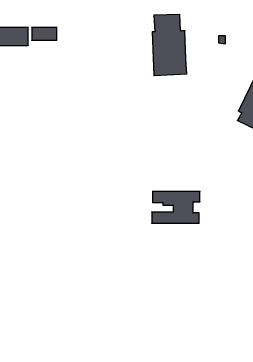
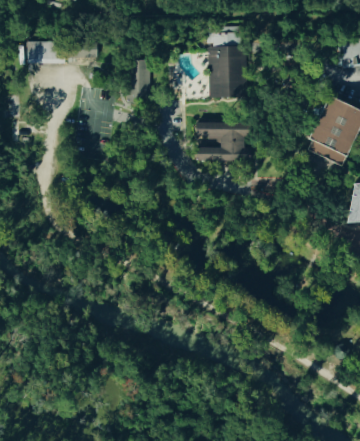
building: none -> [127,60,150,104]
building: [152,191,200,223] -> [195,123,251,160]

